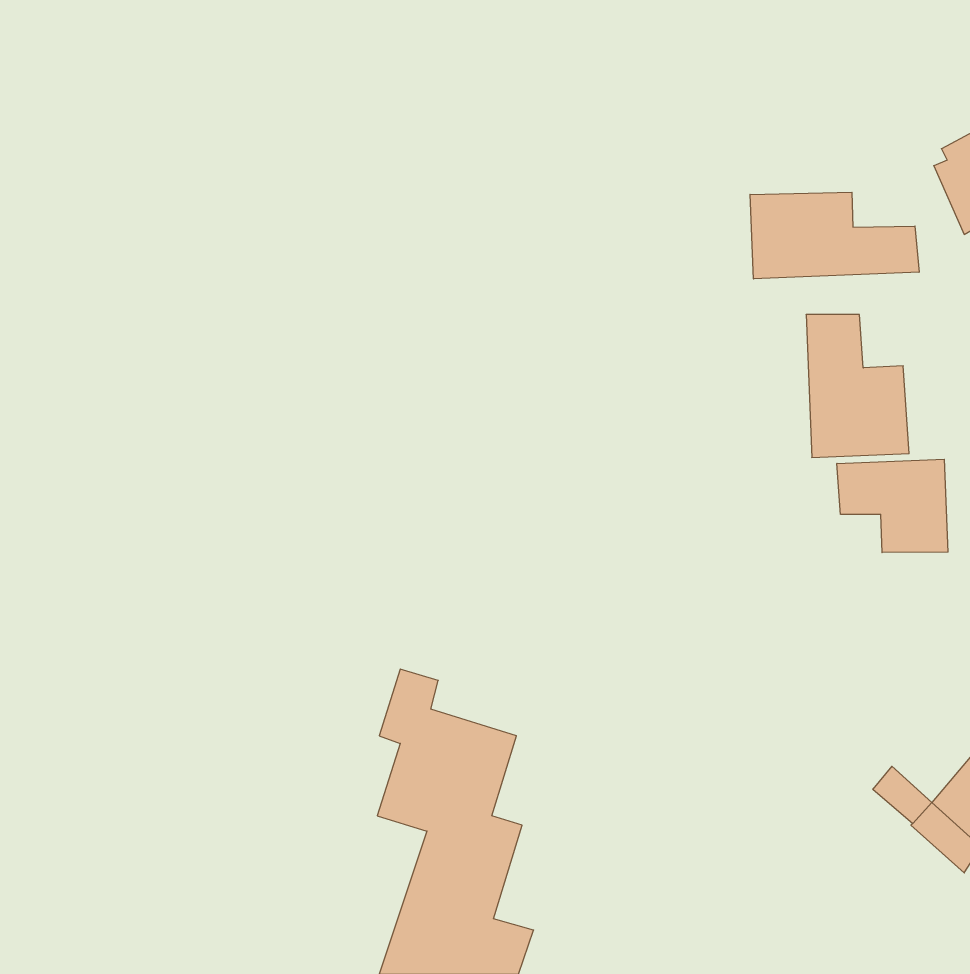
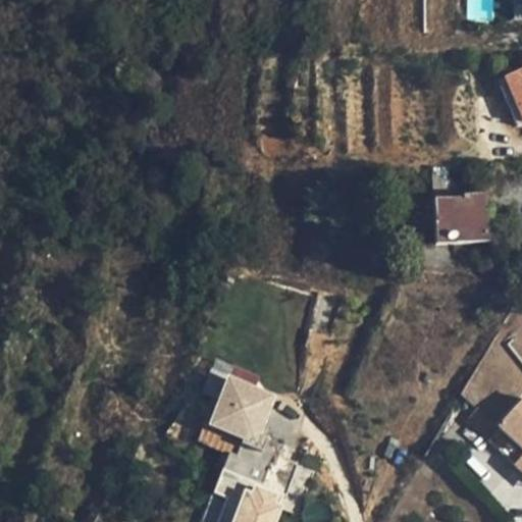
building: [750,192,919,279] -> none
building: [837,459,948,553] -> none

